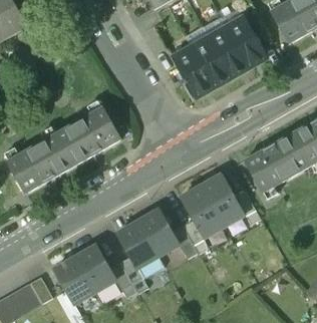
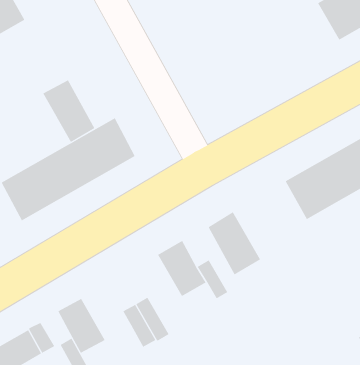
building: [174,16,267,97] -> none
building: none -> [43,80,95,143]
building: [202,174,245,225] -> none
building: [117,221,158,268] -> none
building: [75,245,116,292] -> none

